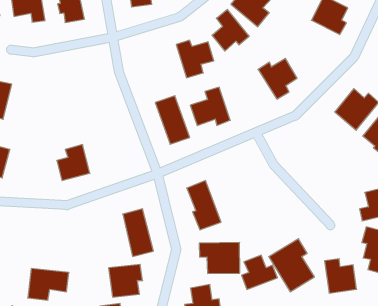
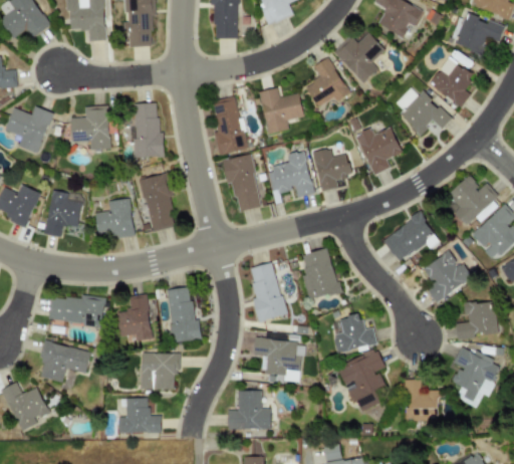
building: none -> [395,87,450,135]
building: none -> [211,95,247,156]
building: none -> [134,102,162,158]
building: none -> [70,105,109,150]
building: none -> [312,149,351,191]
building: none -> [141,174,176,231]
building: none -> [382,212,440,262]
building: none -> [45,192,82,236]
building: none -> [424,249,470,302]
building: none -> [298,247,339,299]
building: none -> [117,294,153,341]
building: none -> [48,294,105,326]
building: [242,255,277,289] -> [333,313,376,353]

